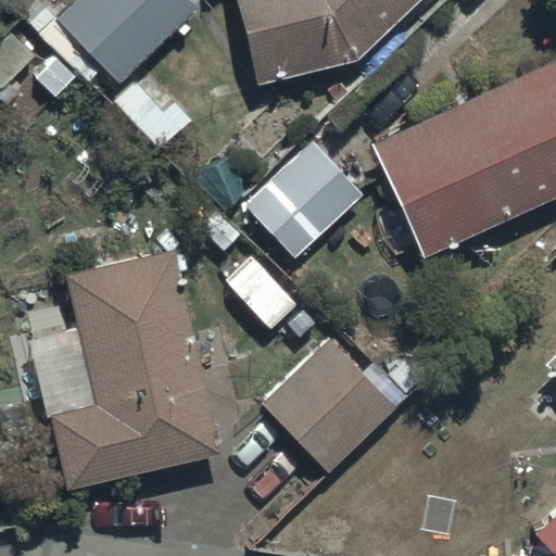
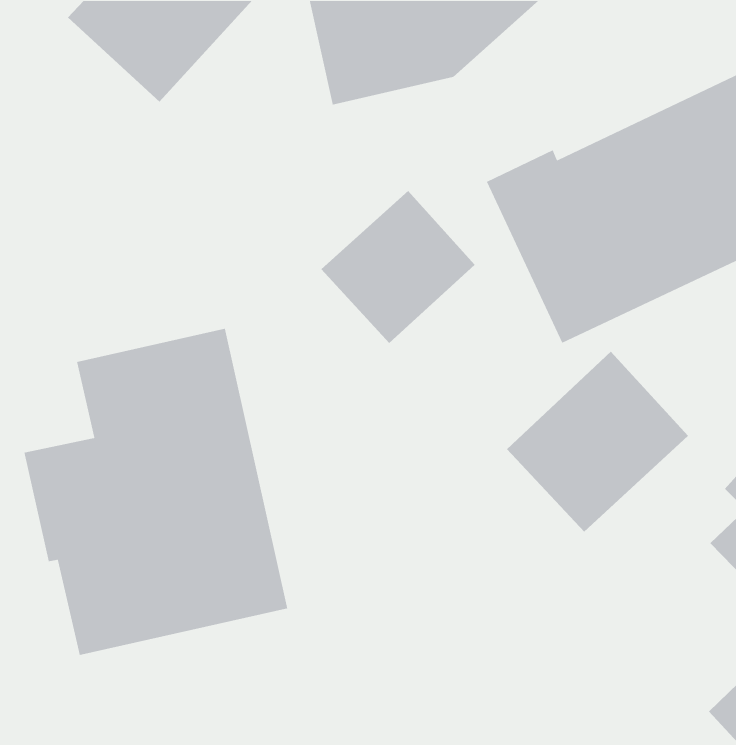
building: none -> [506,351,689,533]
building: [264,338,399,473] -> none

